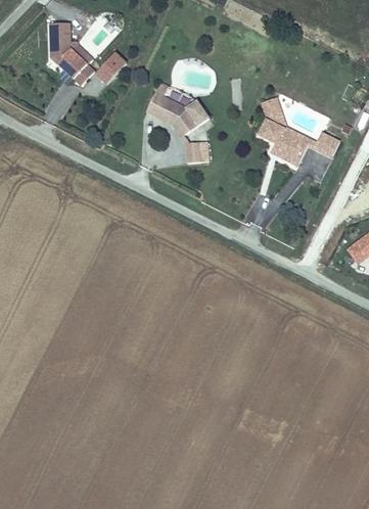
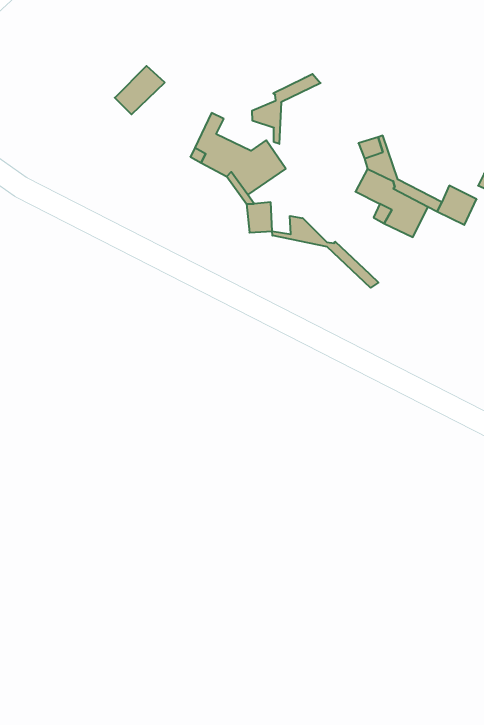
building: [49,21,95,84] -> none
building: none -> [252,74,321,144]
building: none -> [272,216,378,288]

